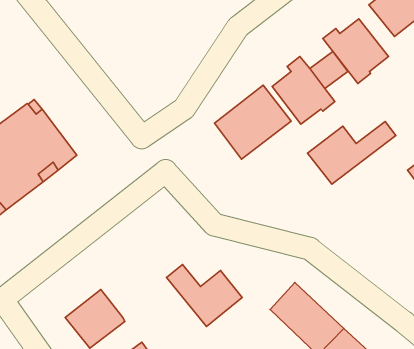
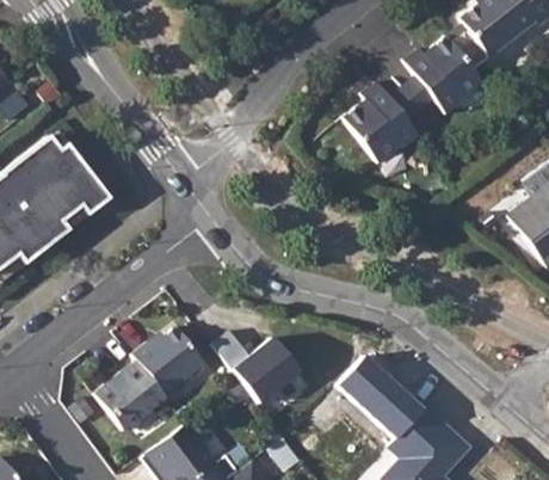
building: [214,85,291,159] -> none
building: [308,122,396,184] -> none
building: none -> [132,327,204,394]

